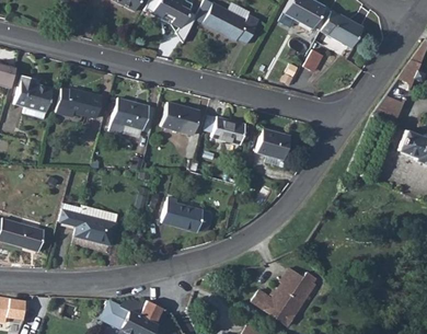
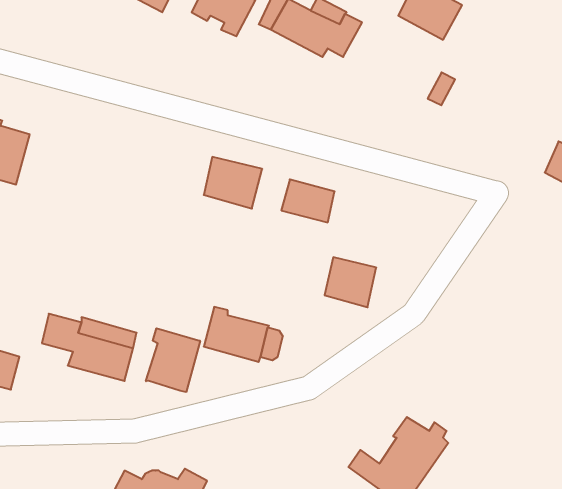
building: [321,11,363,48] -> none
building: [54,89,99,119] -> none
building: [107,99,147,135] -> none
building: [255,128,288,160] -> [325,257,376,307]
building: none -> [146,328,200,392]

